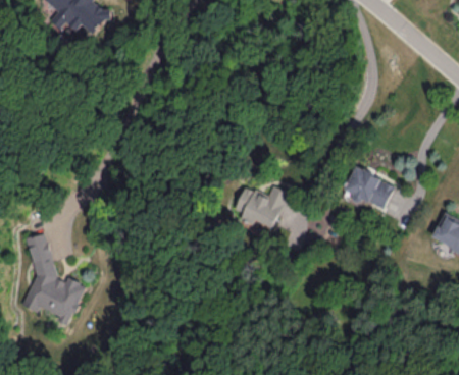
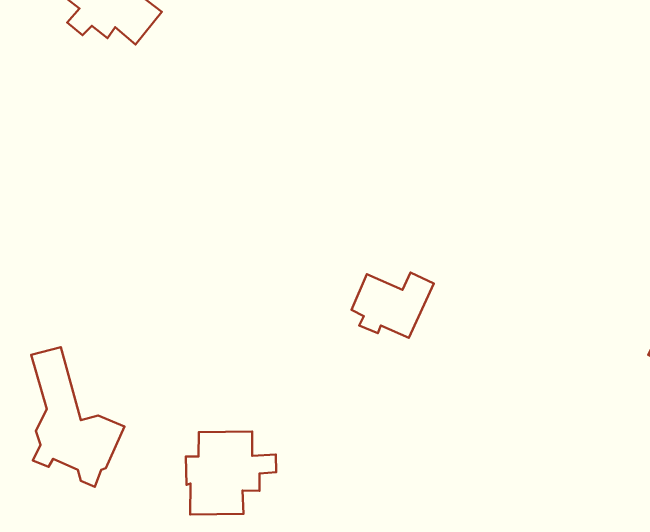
building: [344,168,393,210] -> none
building: none -> [186,431,276,514]

